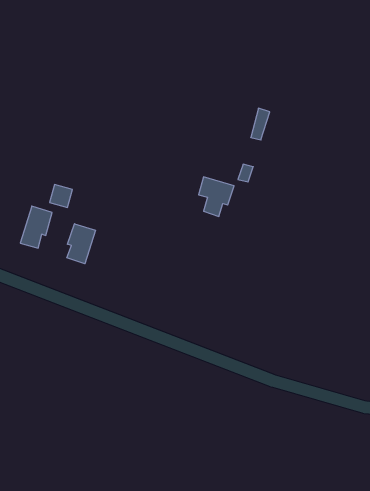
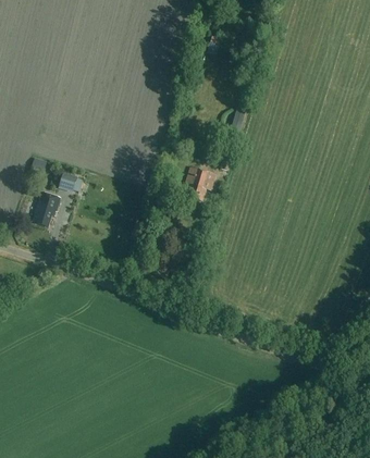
building: [67,224,95,264] -> none

